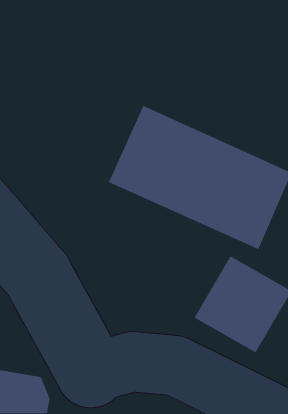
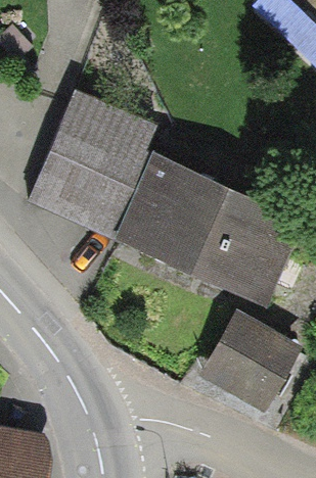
building: none -> [33,94,159,235]

